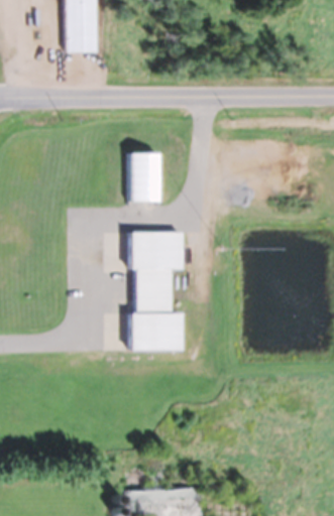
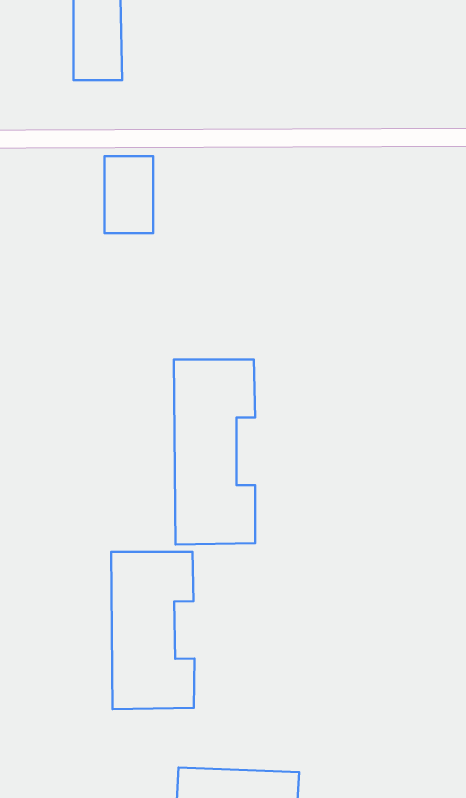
building: [129,152,160,202] -> [105,156,153,233]
building: none -> [111,552,194,709]

